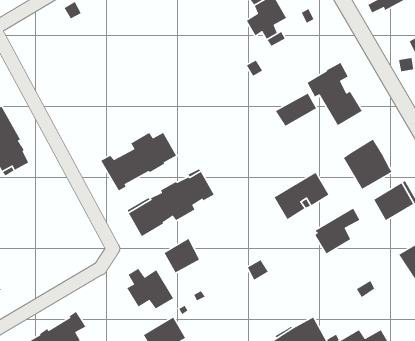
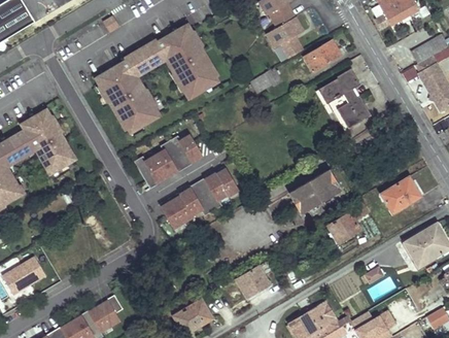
building: none -> [95,25,216,131]
building: [275,92,317,127] -> [303,41,341,72]
building: [343,139,392,190] -> none
building: [164,238,200,273] -> [236,266,269,298]
building: [126,268,174,310] -> none

